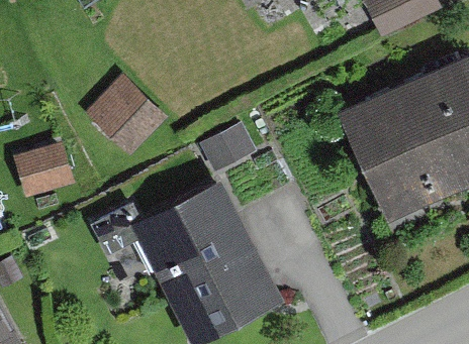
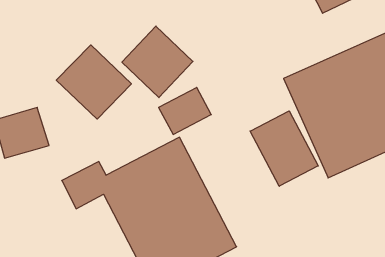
building: none -> [122,26,193,98]
building: none -> [250,111,318,186]

